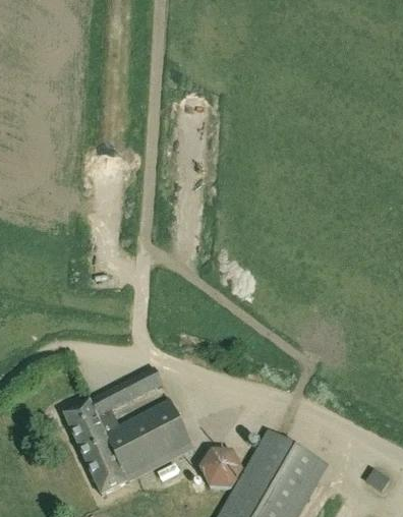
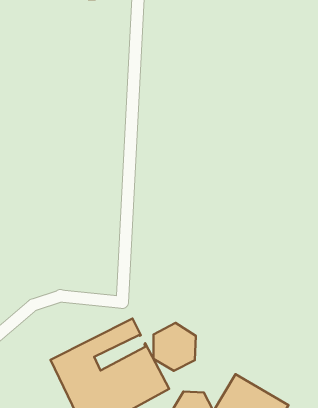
building: none -> [153,323,196,371]

